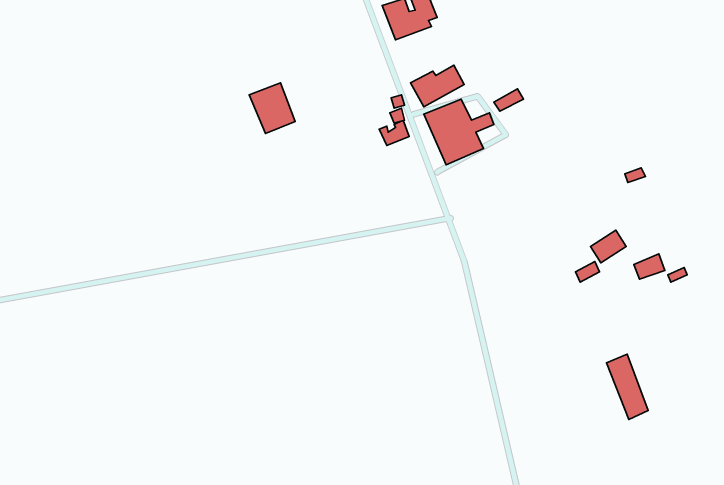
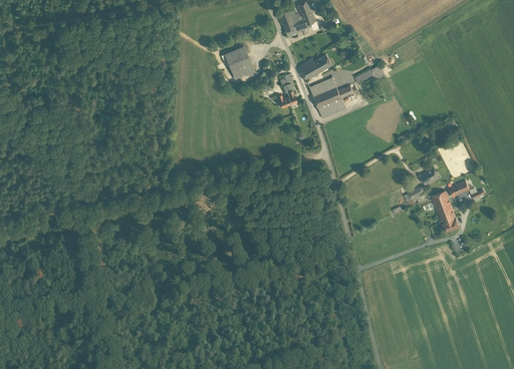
building: [249,83,295,133] -> [223,44,254,78]
building: [606,354,648,419] -> [431,189,459,233]

